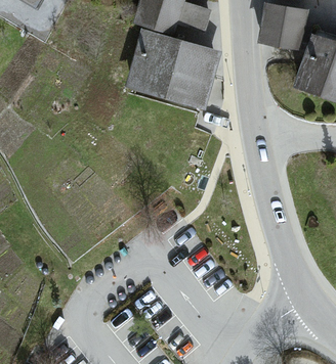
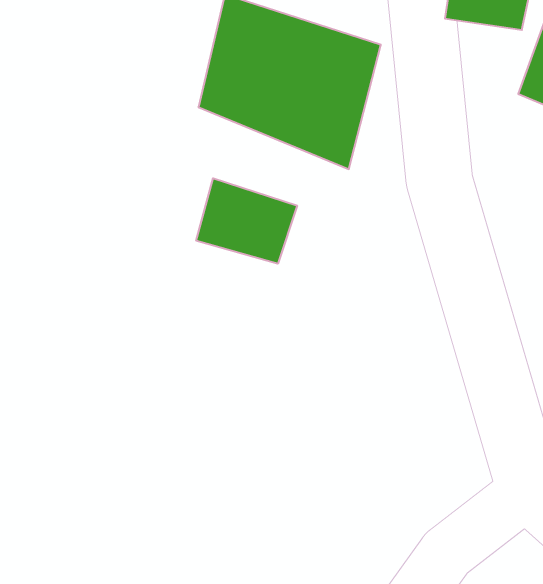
building: none -> [196,178,297,264]

